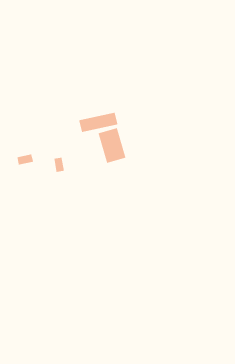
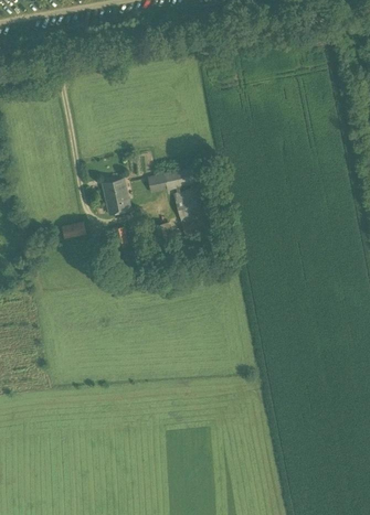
building: none -> [101,178,130,215]

